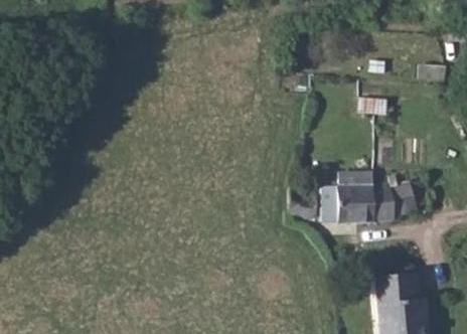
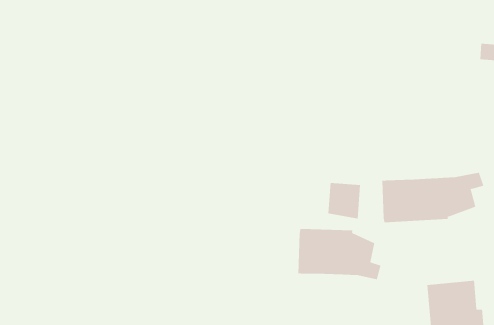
building: none -> [298,228,381,280]

